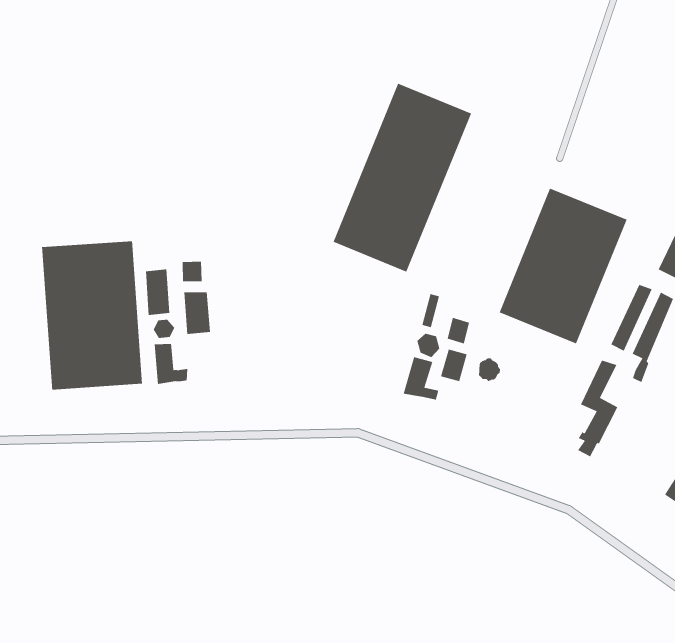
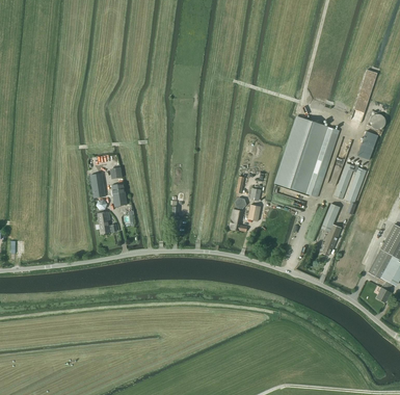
building: [333,83,472,273] -> none
building: [42,240,143,390] -> none

